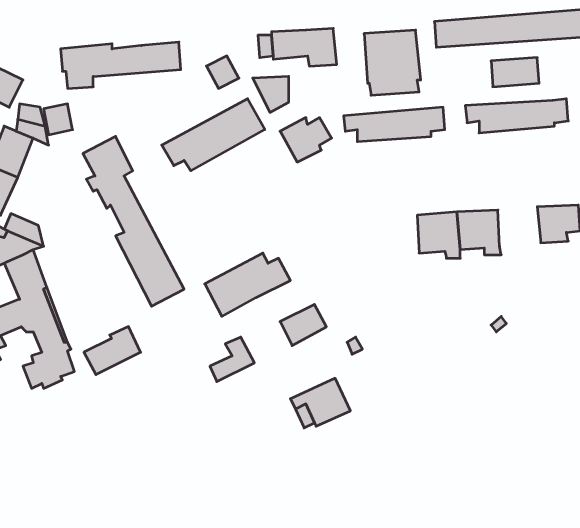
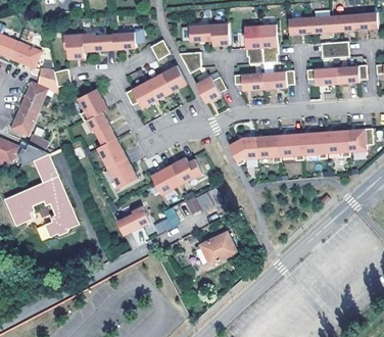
building: none -> [325,129,350,156]
building: none -> [228,134,279,164]
building: [84,327,141,375] -> [116,205,150,234]

